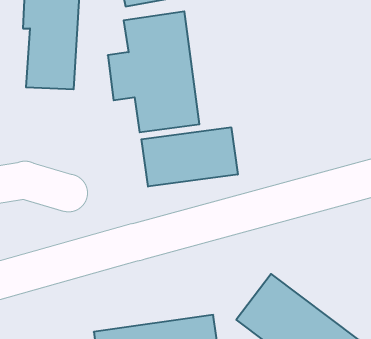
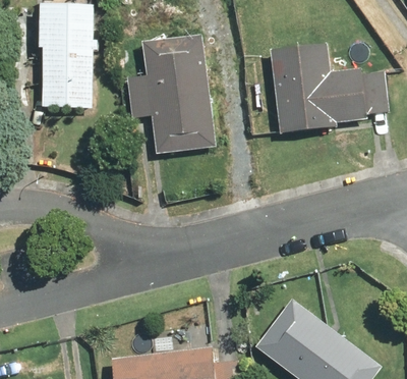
building: none -> [270,43,385,132]
building: [141,127,238,187] -> none

